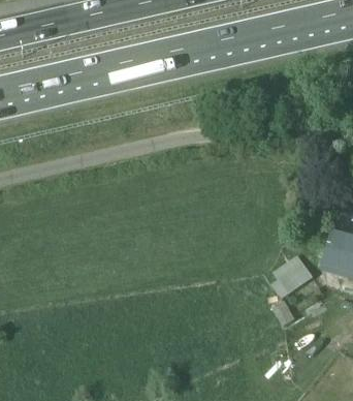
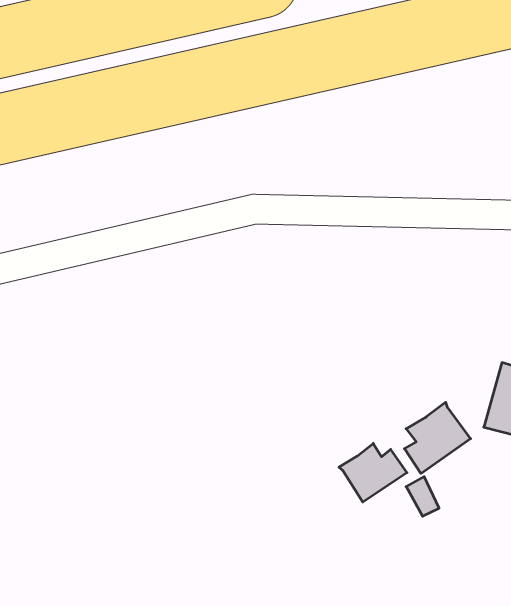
building: none -> [339,443,407,502]

